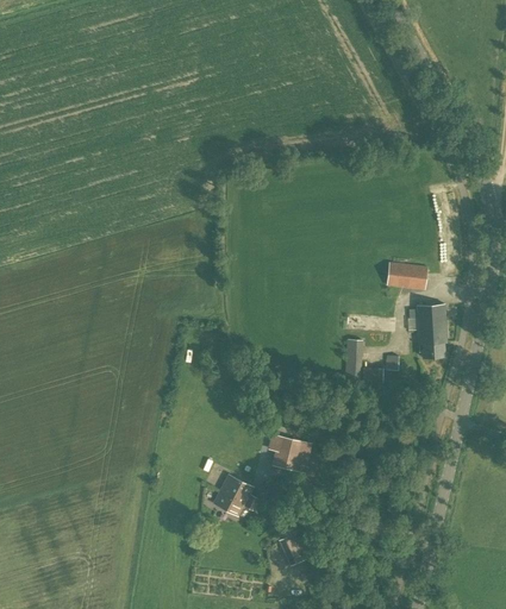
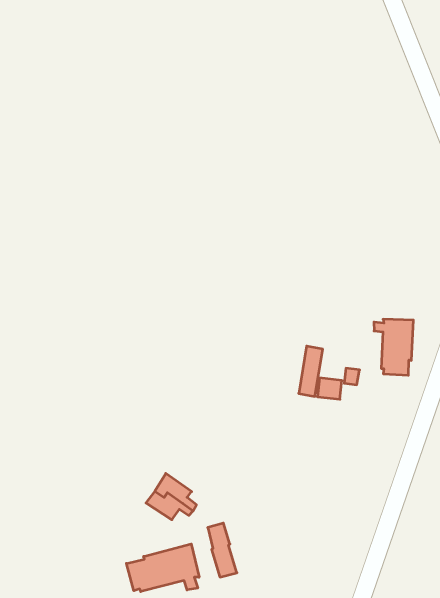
building: [386,262,427,290] -> none
building: [268,433,312,472] -> none
building: none -> [126,544,199,592]

